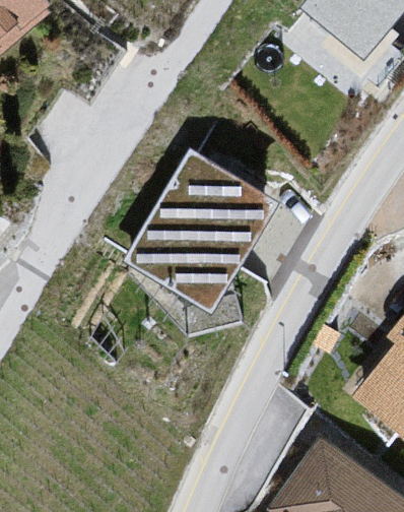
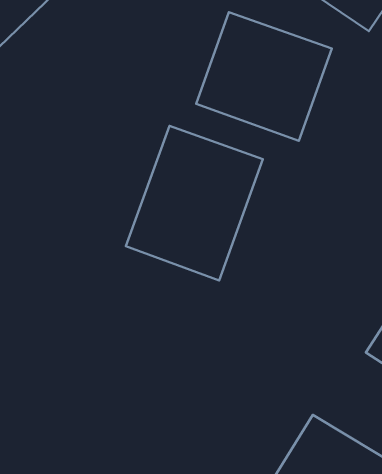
building: none -> [196,12,332,141]

